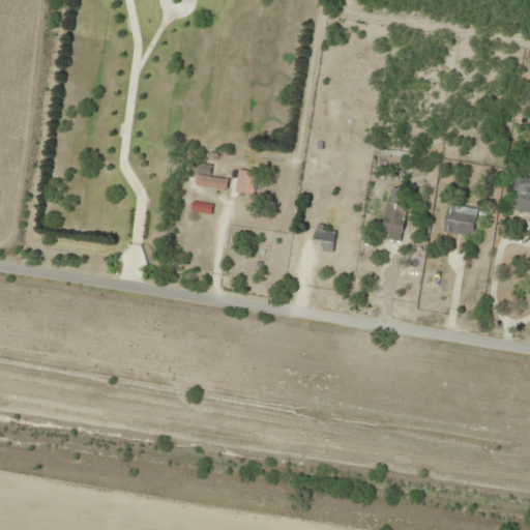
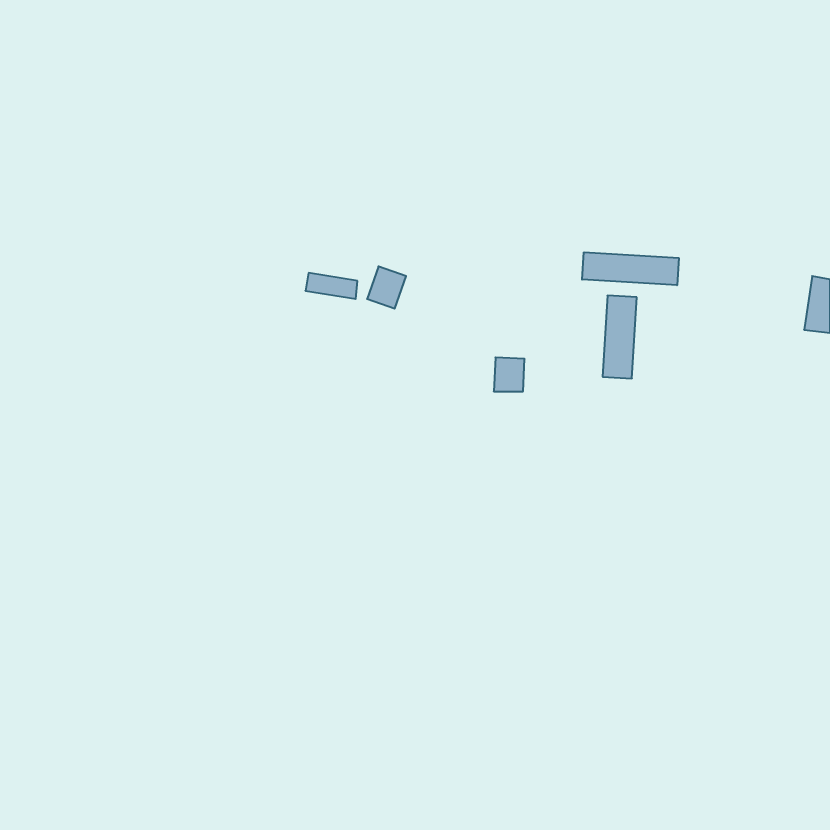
building: none -> [582,252,679,285]
building: [442,204,477,237] -> none

